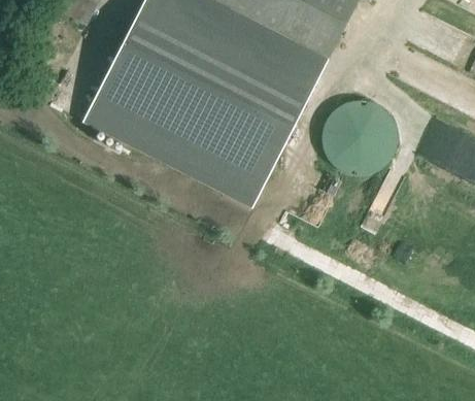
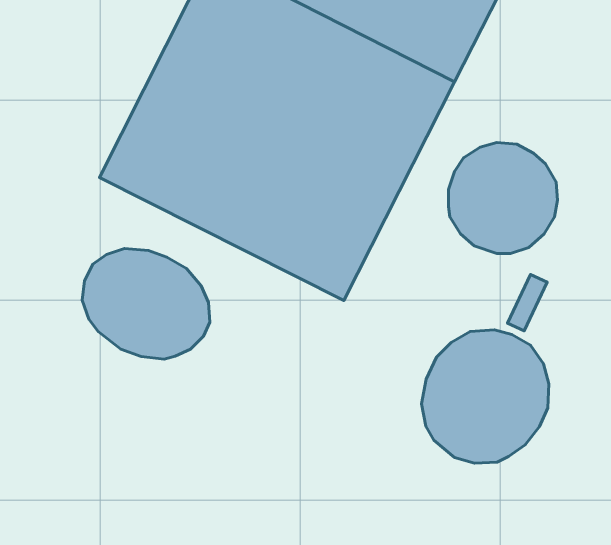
building: none -> [82,248,210,359]
building: none -> [421,330,549,463]

